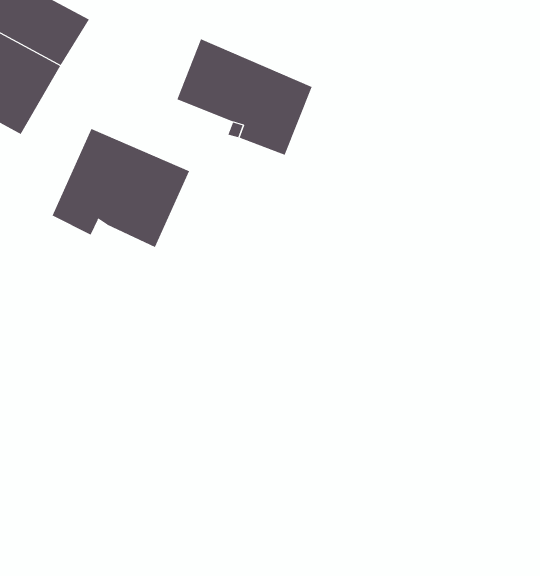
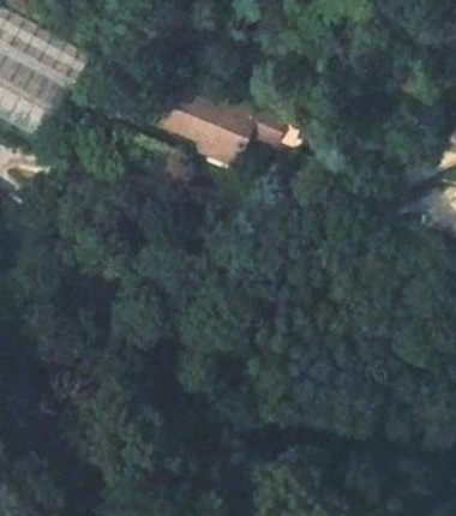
building: [52,128,190,248] -> none

